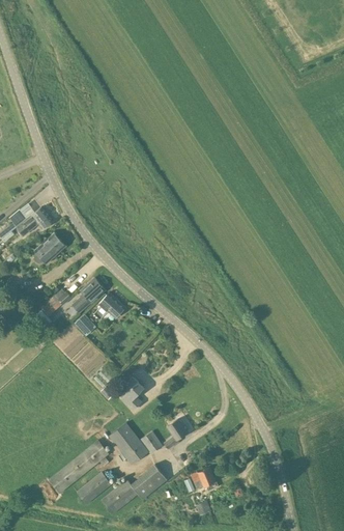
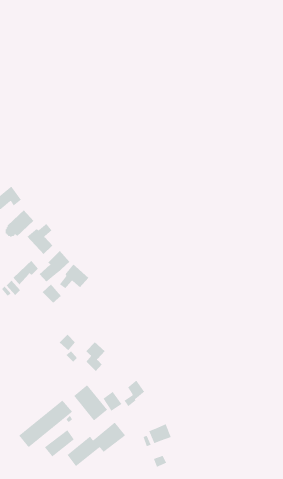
building: none -> [27,223,53,255]

